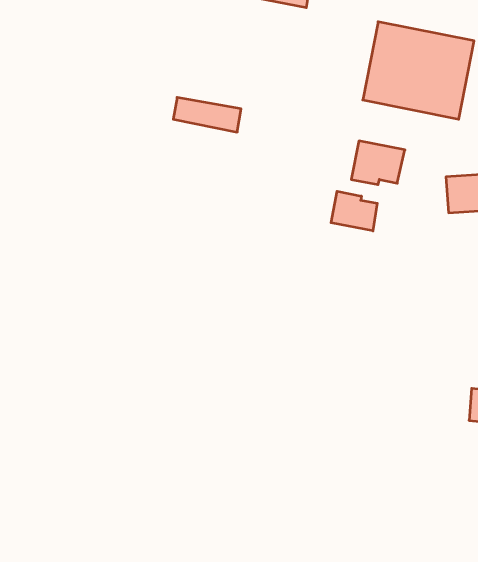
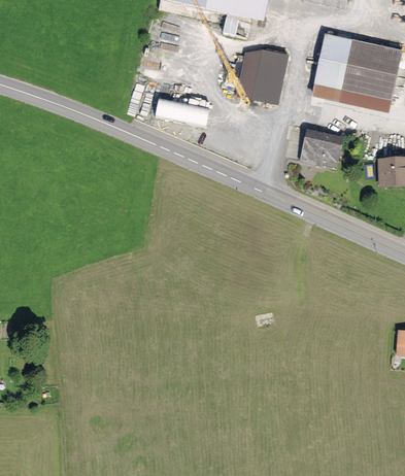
building: none -> [236,49,290,104]
building: [331,191,377,231] -> none

